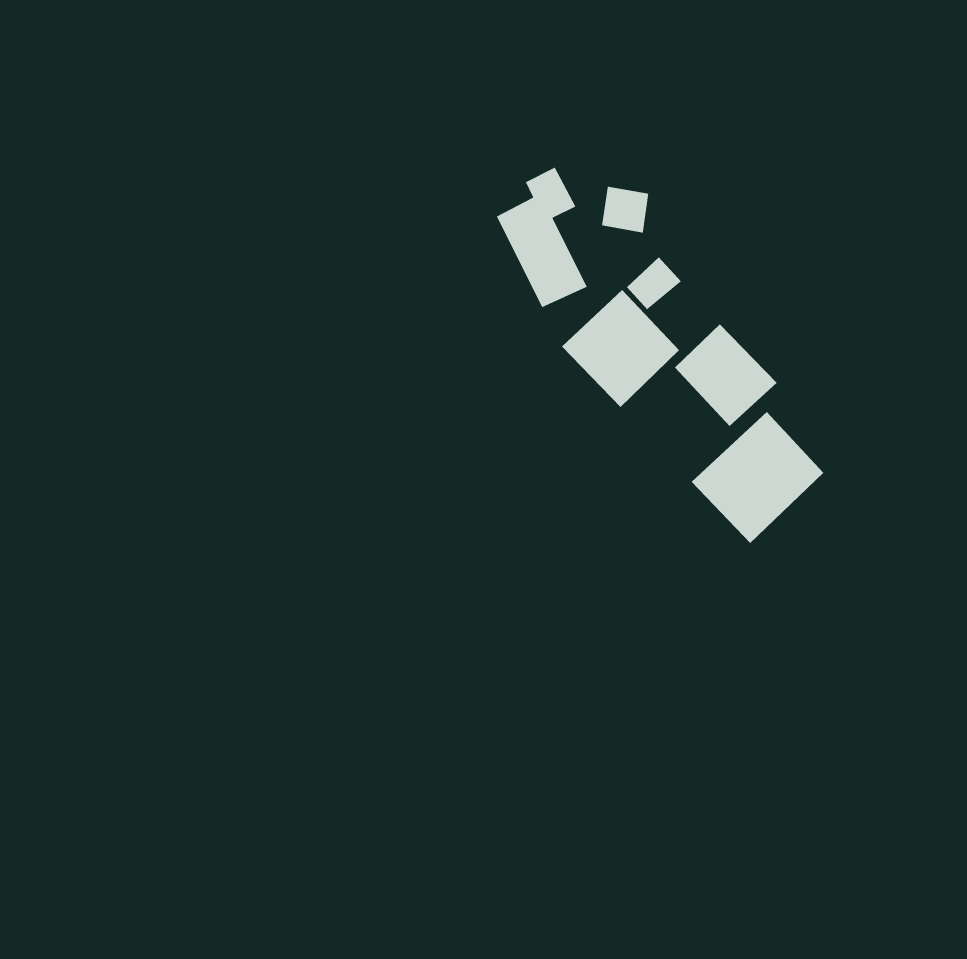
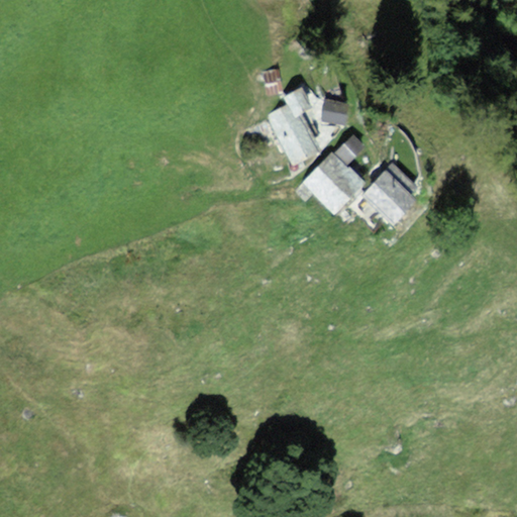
building: [691,411,824,544] -> none

